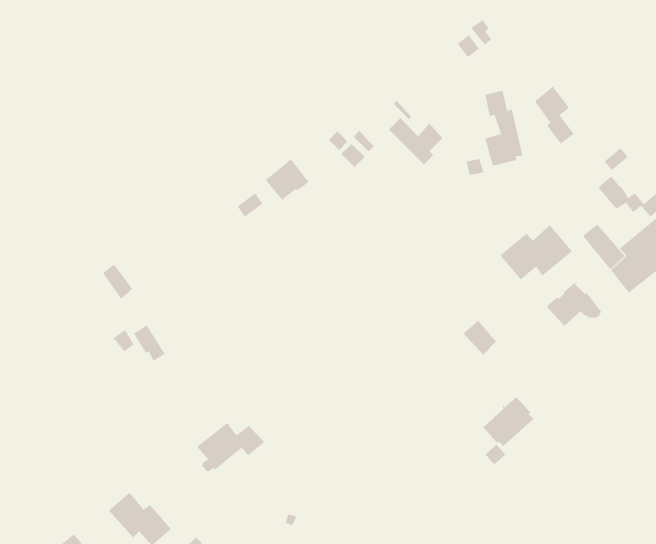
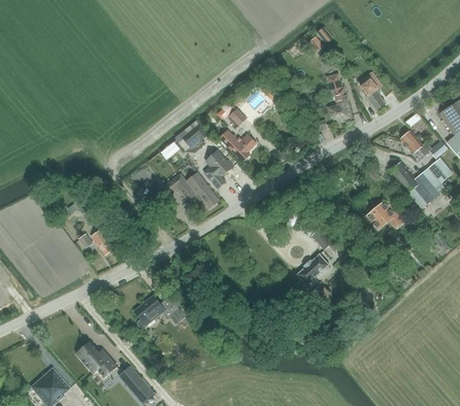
building: [388,117,444,165] -> [220,129,257,161]
building: none -> [204,149,234,188]
building: [500,224,573,280] -> none
building: none -> [172,171,219,207]
building: [481,396,534,447] -> [296,252,331,286]

